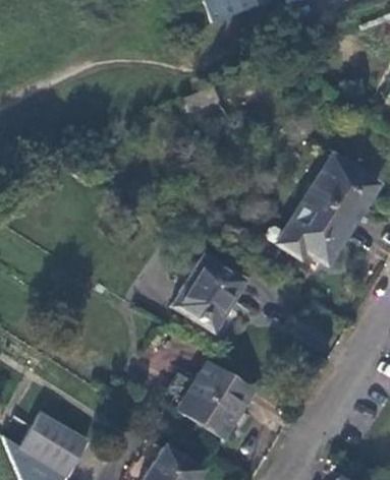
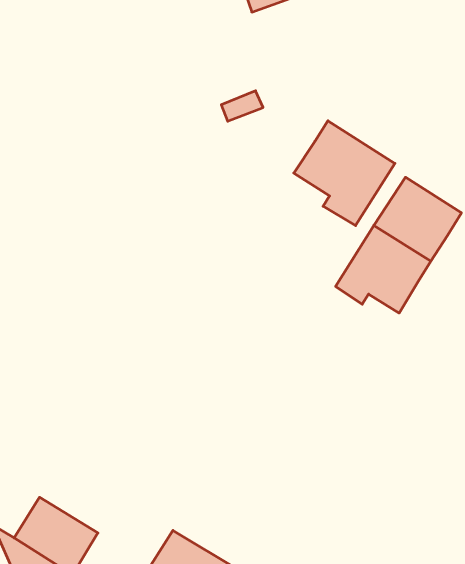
building: none -> [294,121,395,226]
building: [175,255,241,326] -> none
building: [179,364,250,432] -> none

